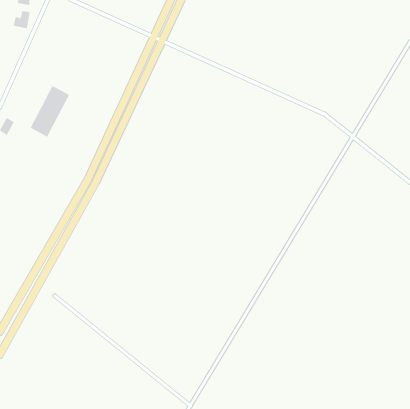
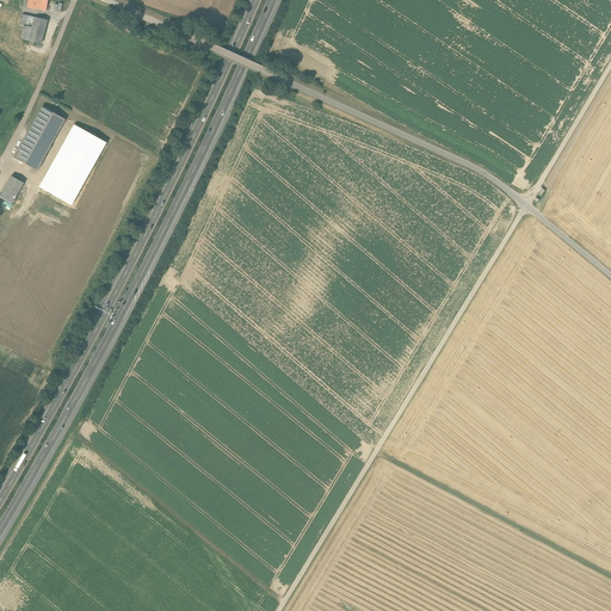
building: none -> [13,105,63,167]

